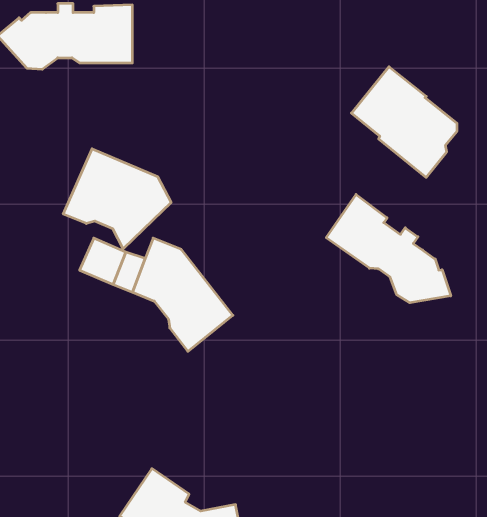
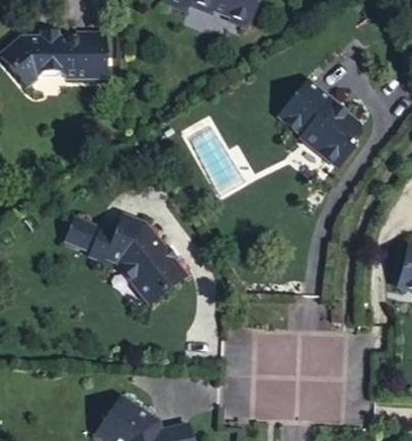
building: [63,149,171,249] -> none
building: [326,194,451,303] -> none

